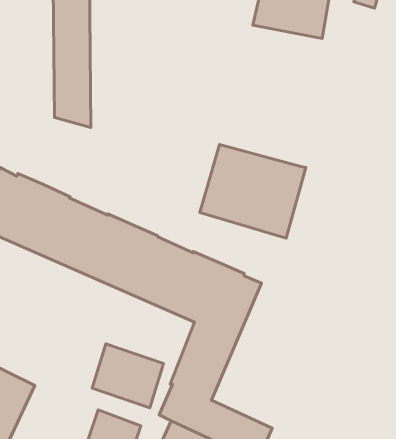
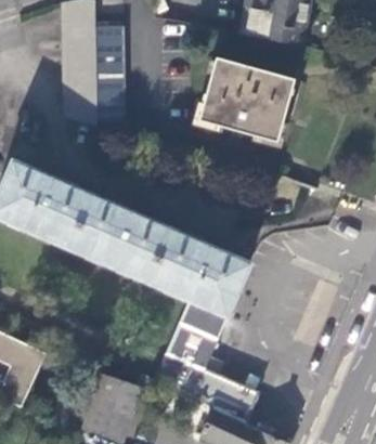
building: none -> [94,24,126,125]
building: [200,144,306,238] -> [199,57,294,141]
building: [92,344,164,408] -> none

